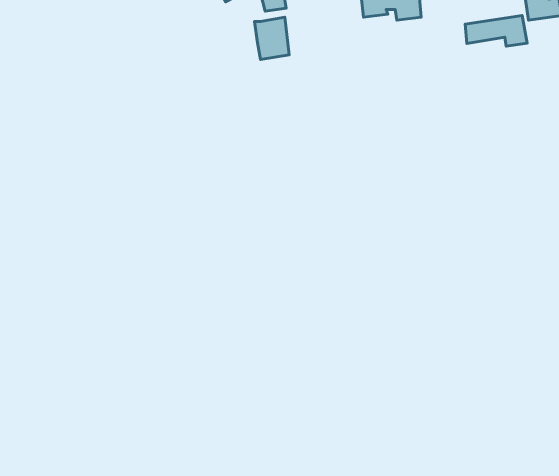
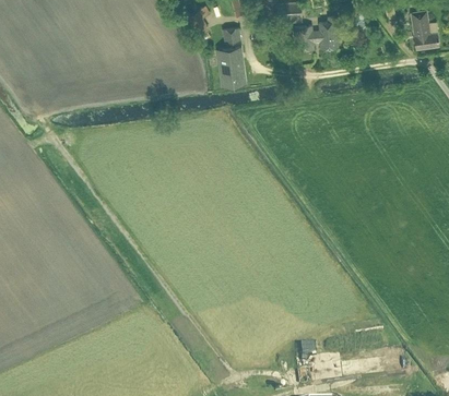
building: [465,15,527,46] -> none

